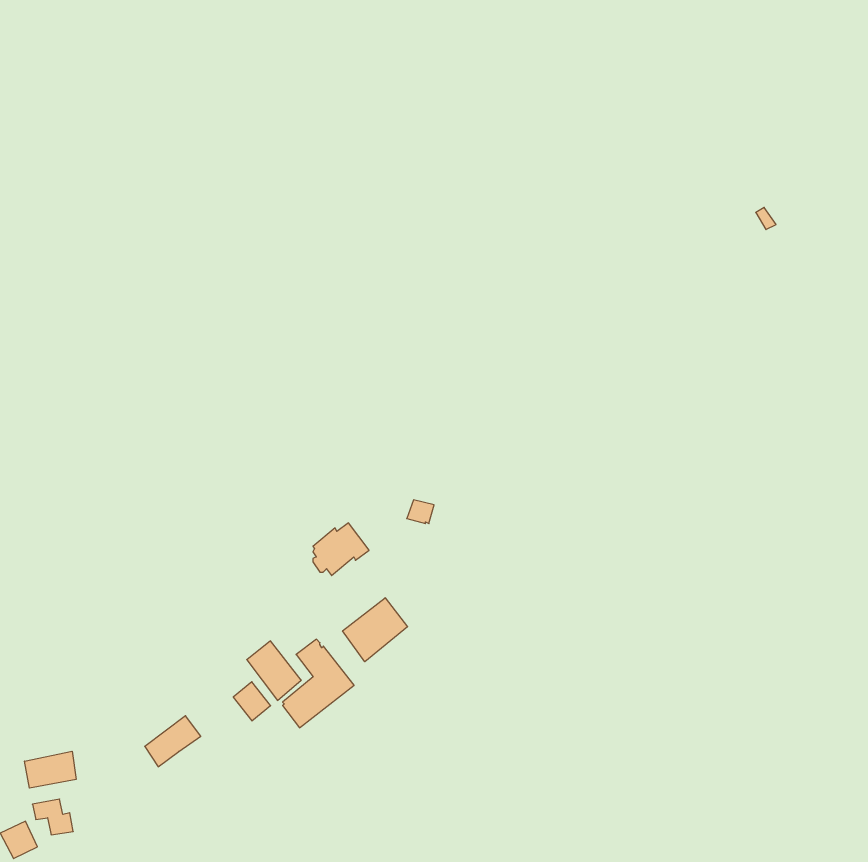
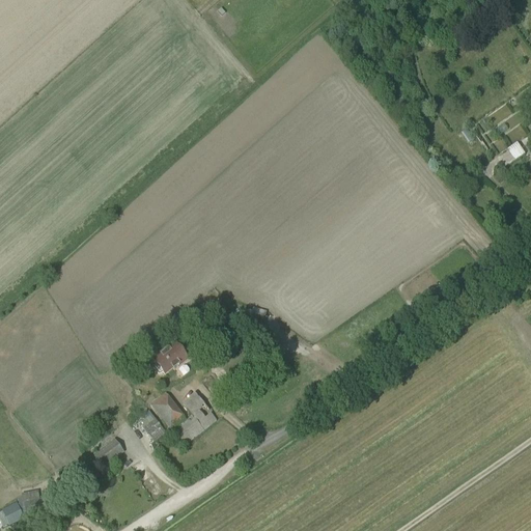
building: [313,523,369,576] -> [152,340,187,372]
building: [343,598,408,662] -> none
building: [25,751,76,788] -> none

